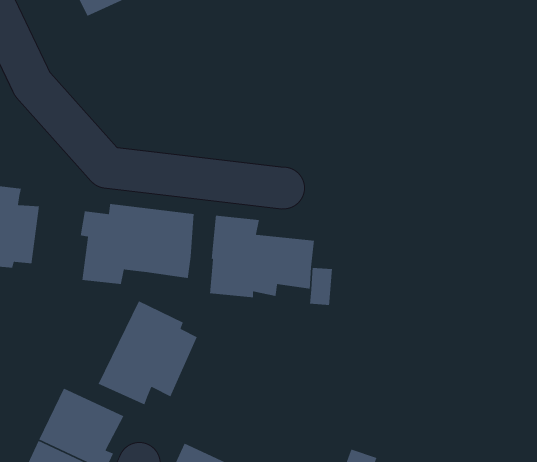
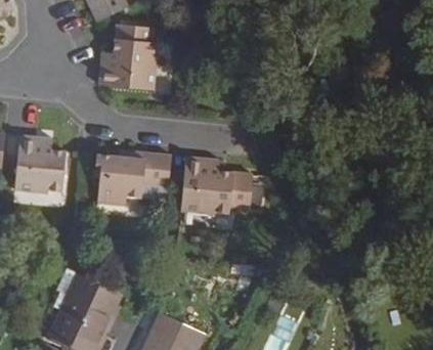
building: none -> [98,25,156,88]
building: [98,300,198,406] -> none

